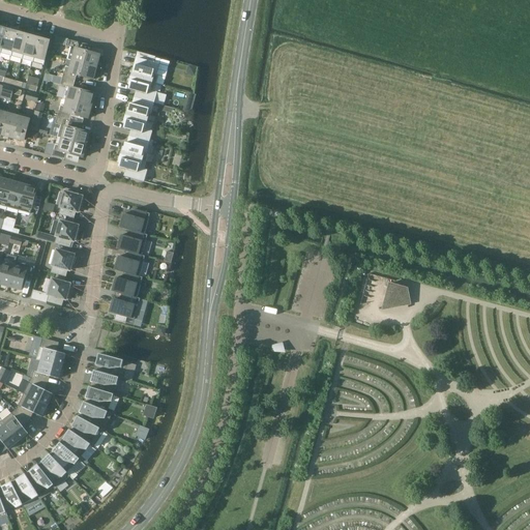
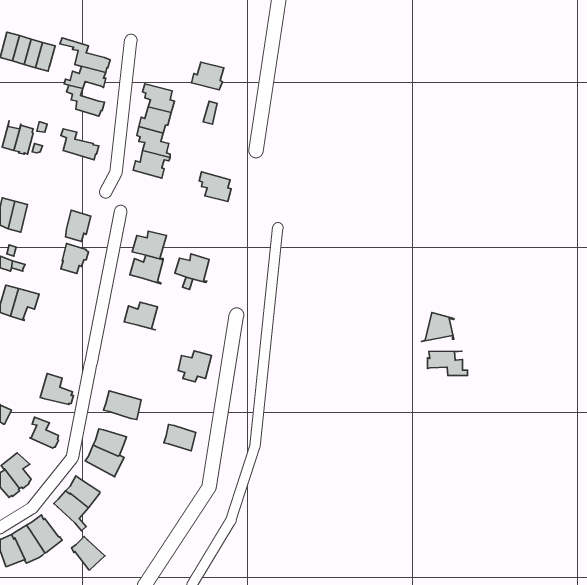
building: [130,57,159,82] -> [192,62,224,90]
building: [57,98,89,119] -> none
building: [52,136,85,158] -> none
building: [118,153,147,180] -> [199,172,231,202]
building: [19,184,41,212] -> none
building: [51,248,76,275] -> none
building: [114,251,145,276] -> [175,254,209,282]
building: [47,277,72,304] -> none
building: [110,293,140,321] -> [178,351,211,382]
building: none -> [428,351,467,375]
building: [31,359,63,381] -> none
building: [89,370,118,393] -> [164,424,196,451]
building: [16,392,48,418] -> none
building: [68,415,104,446] -> none
building: [37,453,67,483] -> [71,536,105,570]

